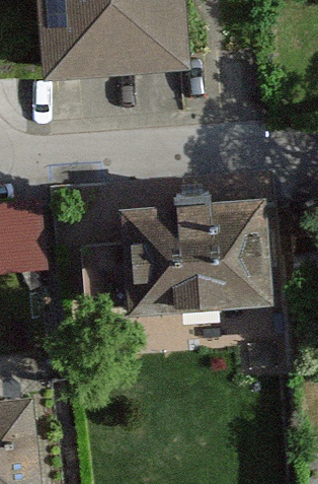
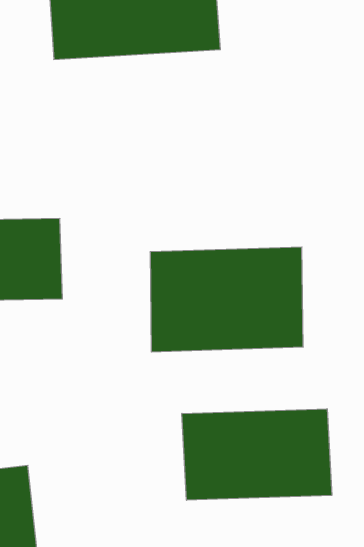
building: none -> [182,409,332,500]

